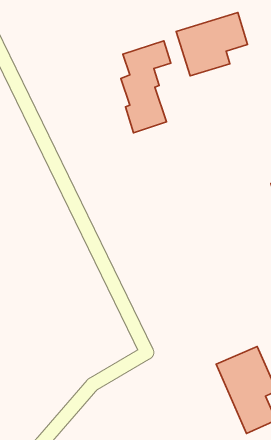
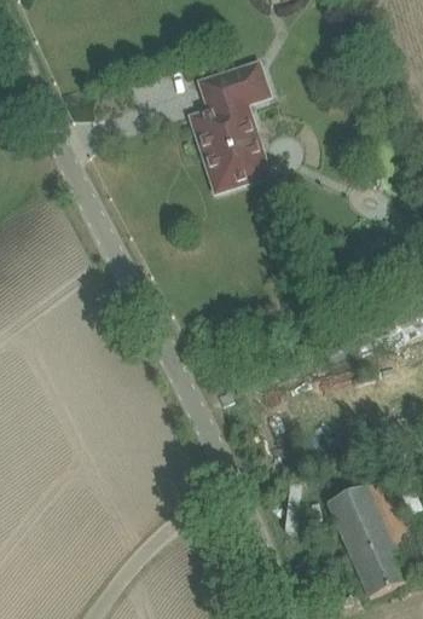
building: [176,12,248,76] -> none

